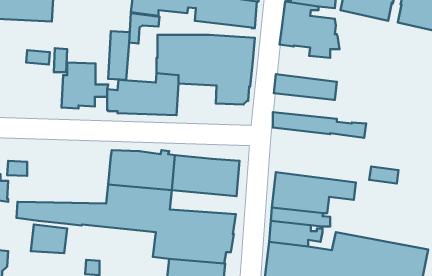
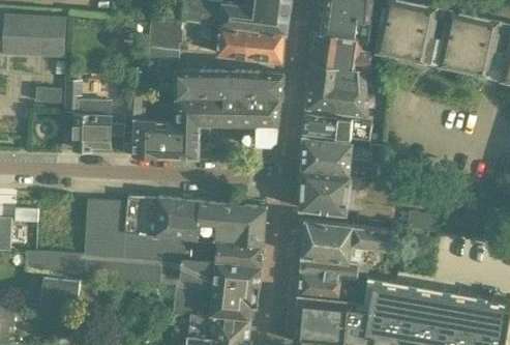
building: none -> [305,81,366,117]
building: none -> [302,138,388,167]
building: none -> [300,171,364,214]
building: none -> [84,200,126,254]
building: none -> [190,239,263,265]

